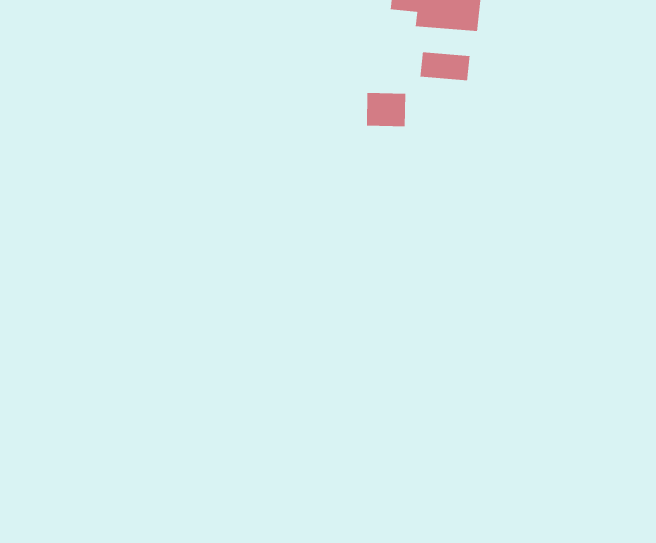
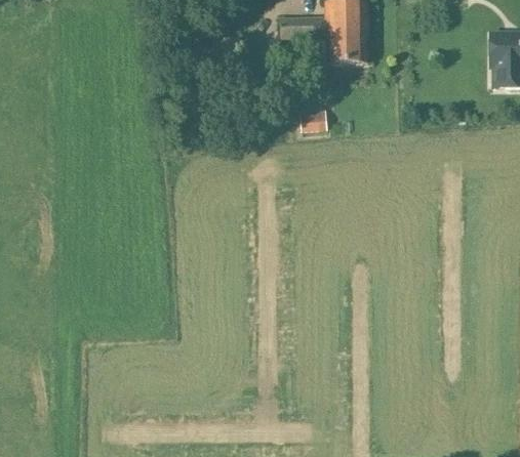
building: [420,52,470,81] -> none

